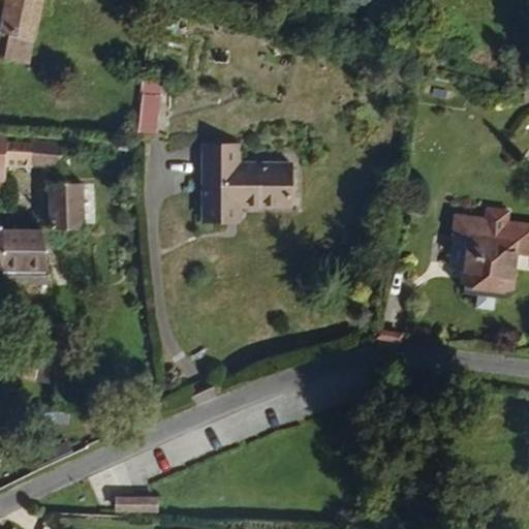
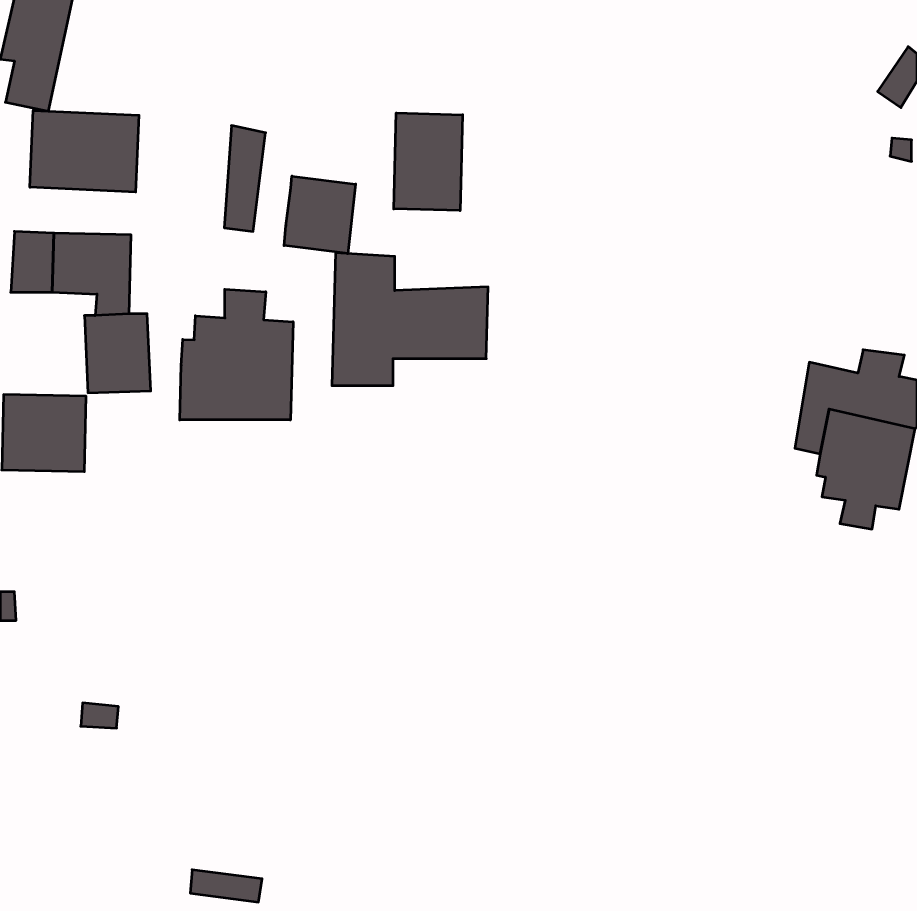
building: none -> [30,110,139,192]
building: none -> [394,113,463,211]
building: none -> [284,176,356,254]
building: none -> [180,289,293,420]

